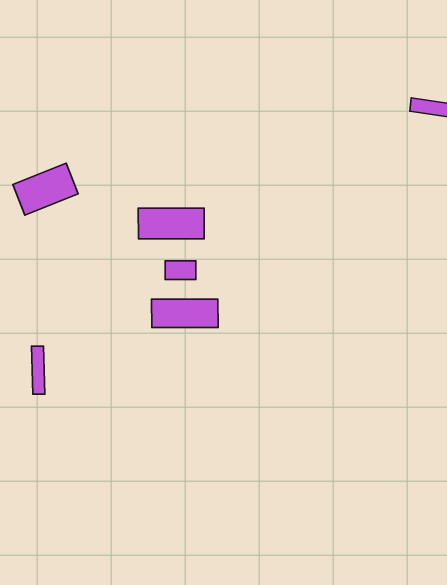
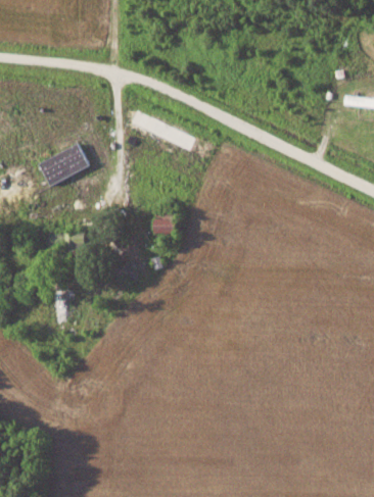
building: [138,208,204,239] -> none
building: [151,299,218,328] -> none

